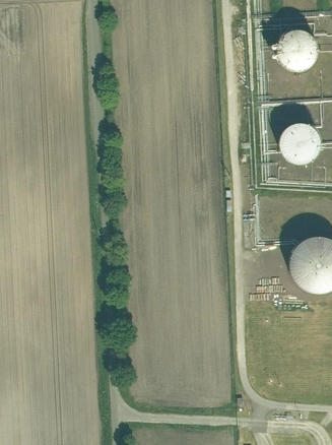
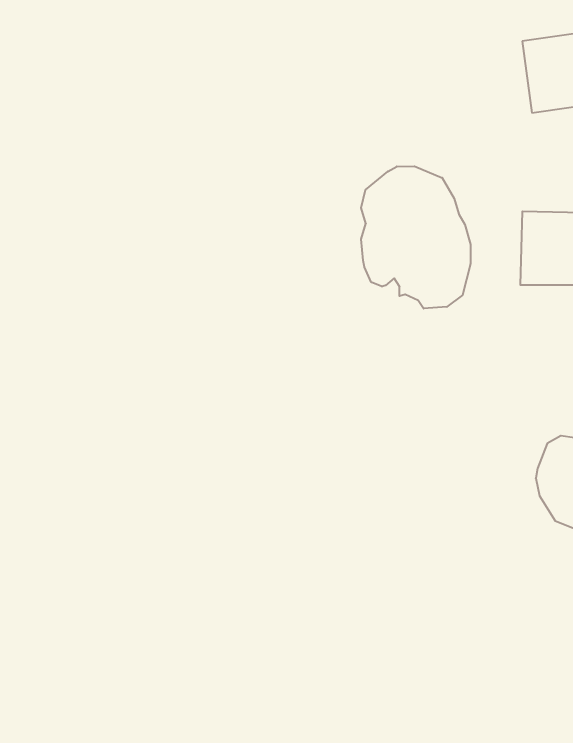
building: none -> [361,166,471,309]

